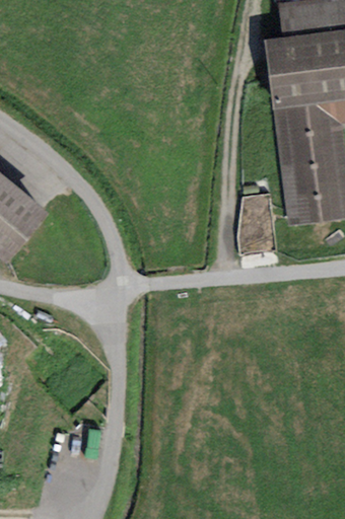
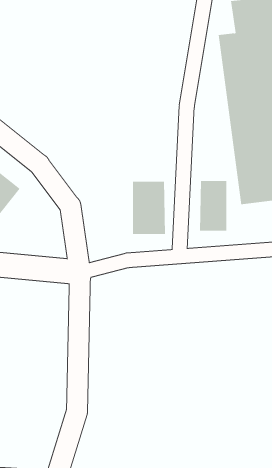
building: none -> [132,181,165,235]

